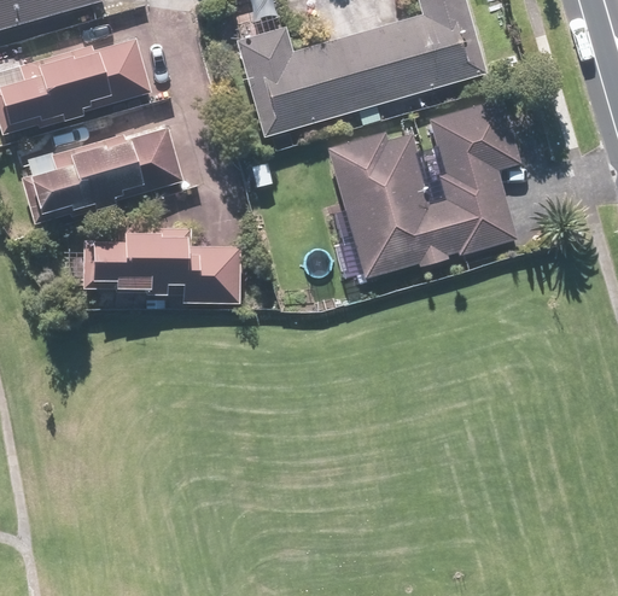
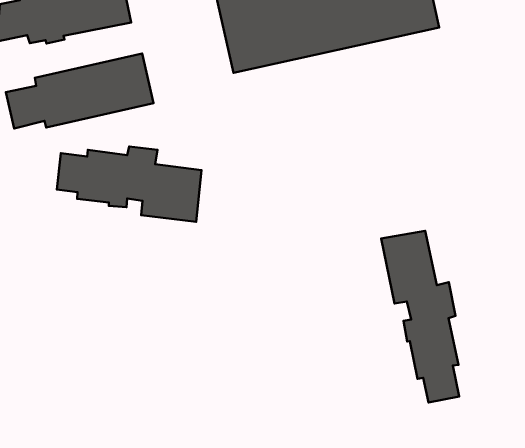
building: [326,99,521,274] -> none
building: none -> [381,231,459,403]

